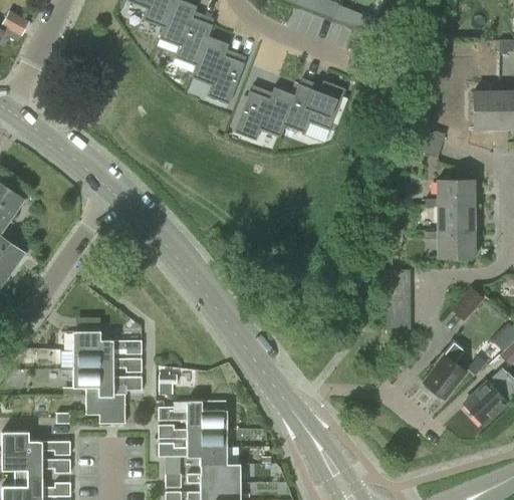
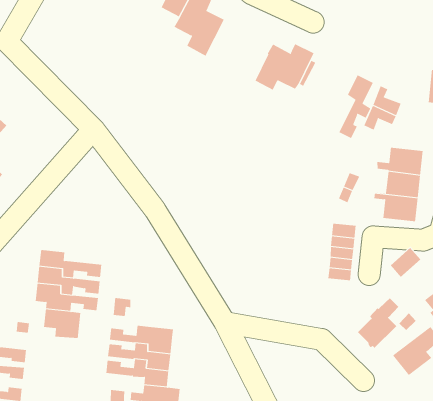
building: [234,86,295,141] -> none
building: none -> [339,75,374,139]

